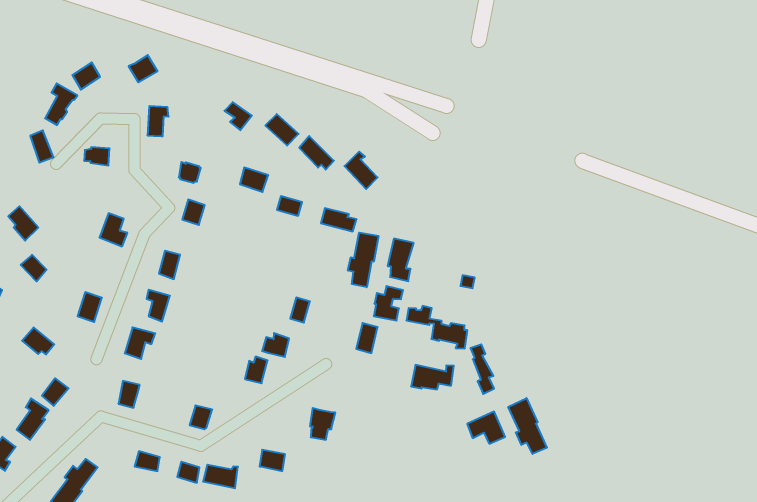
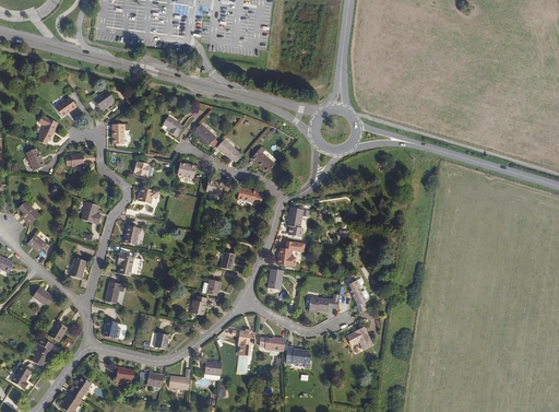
building: [348,233,378,287] -> none
building: [406,306,467,349] -> [266,337,310,365]
building: [508,398,547,454] -> none

